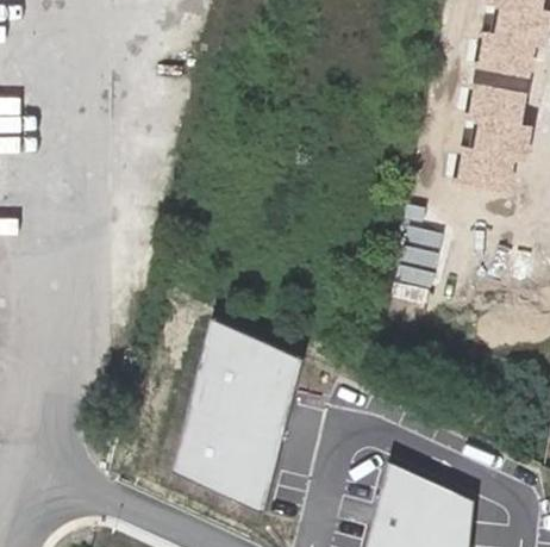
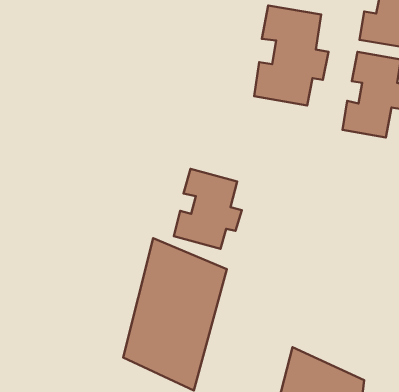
building: none -> [254,5,328,105]
building: none -> [174,169,242,249]

